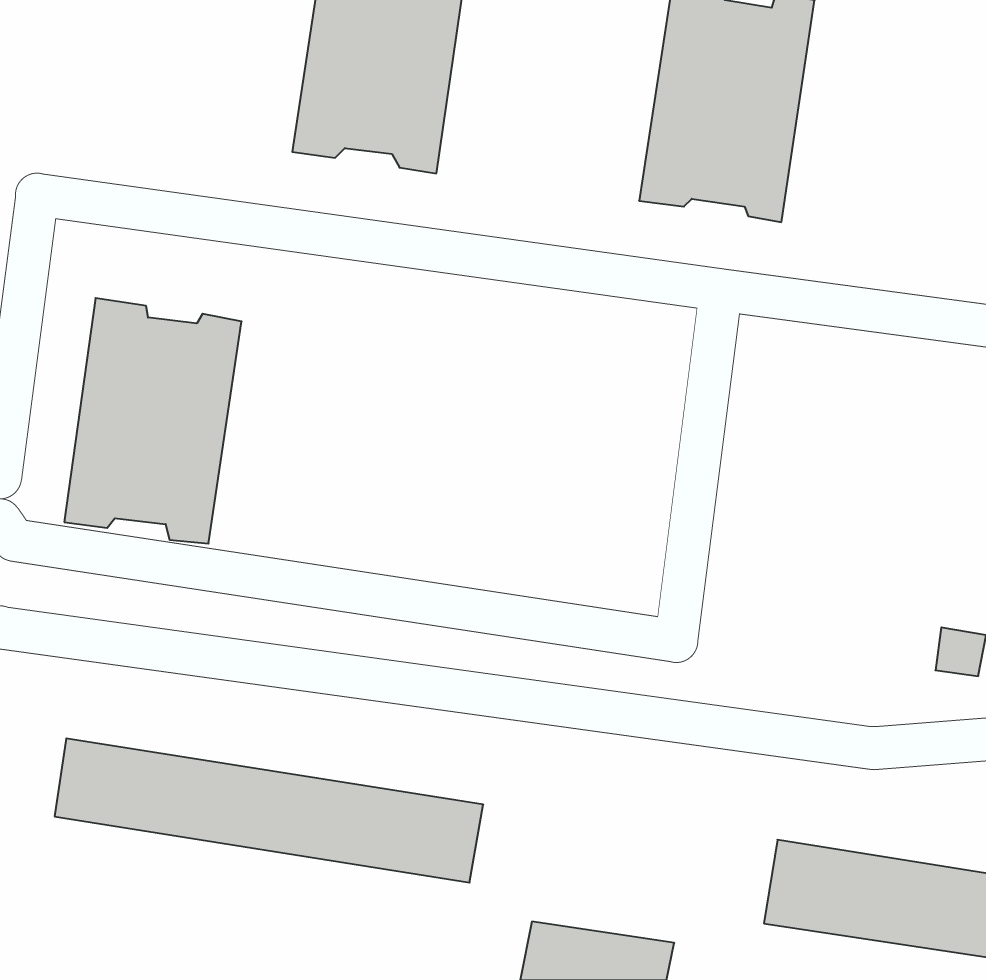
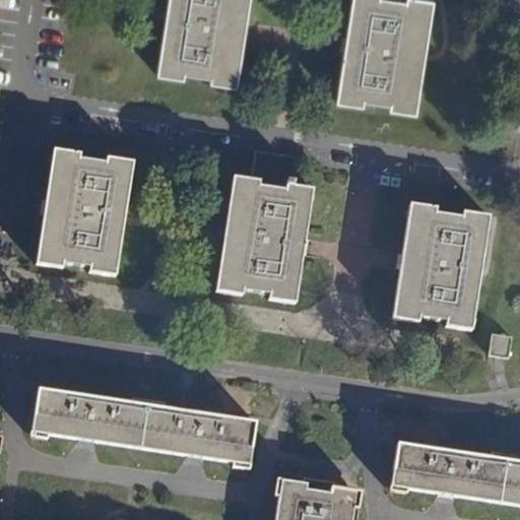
building: none -> [216,183,307,308]
building: none -> [397,207,491,332]

